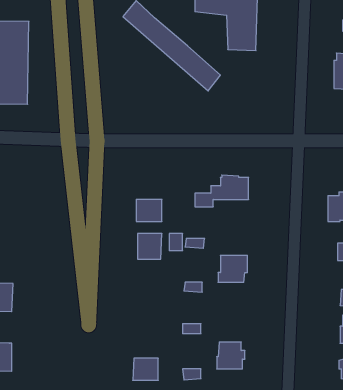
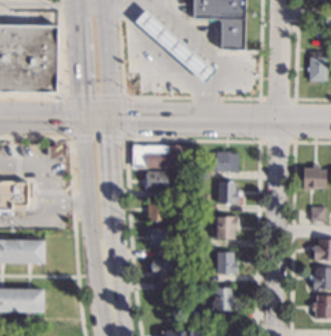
building: none -> [132,145,186,170]
building: none -> [218,182,238,203]
building: none -> [149,227,170,245]
building: none -> [216,252,237,274]
building: [133,358,158,380] -> [151,259,172,277]

